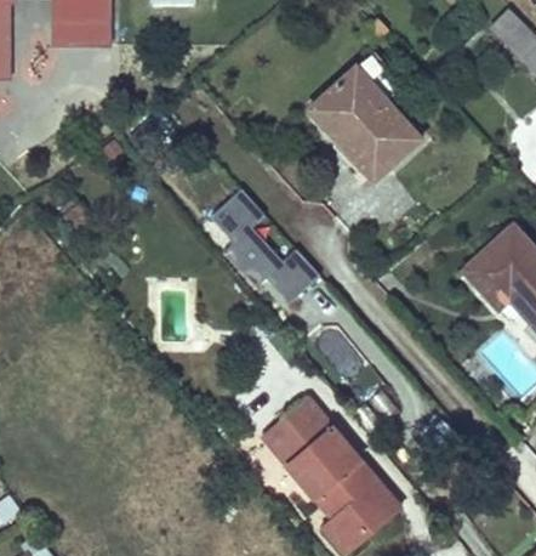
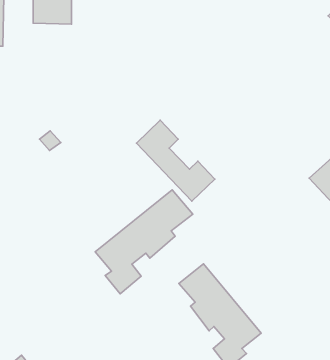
building: [320,70,421,181] -> none
building: none -> [95,190,193,294]

